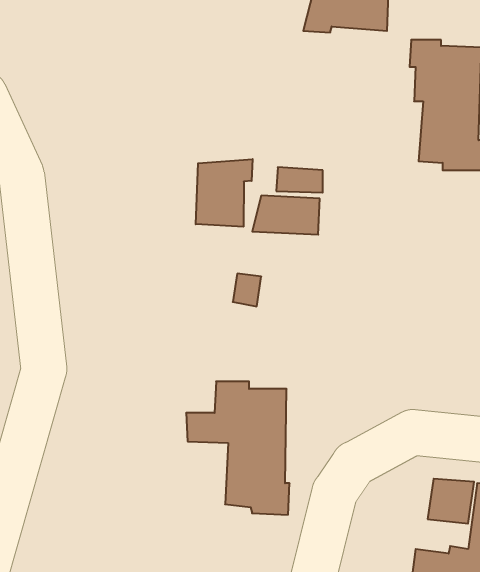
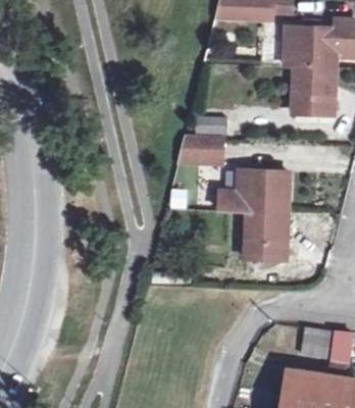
building: [196,159,253,227] -> none
building: [186,381,290,515] -> [217,171,288,262]

